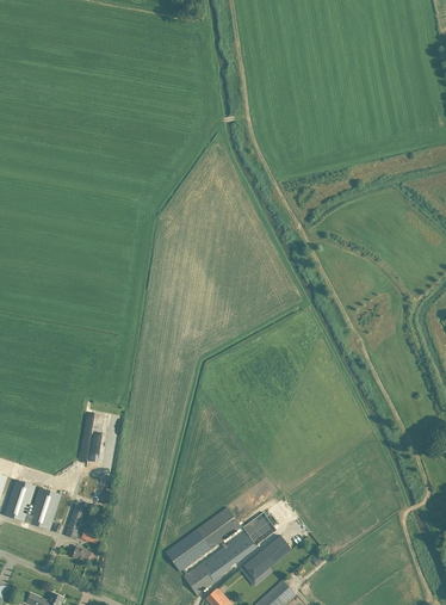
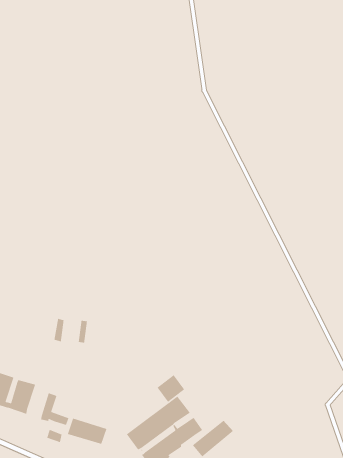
building: [242,512,275,545] -> [157,374,185,403]
building: none -> [67,418,107,445]

